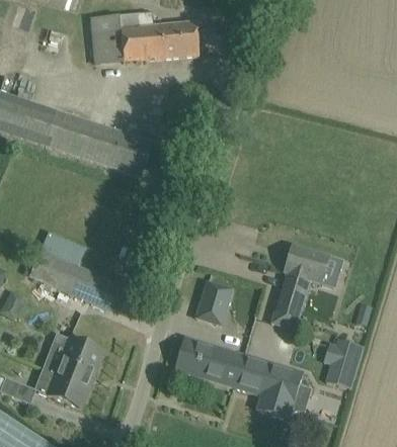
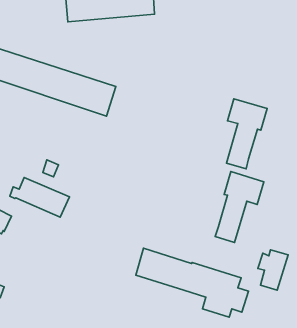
building: none -> [227,99,267,169]
building: [201,281,231,324] -> none
building: [38,332,103,407] -> none

